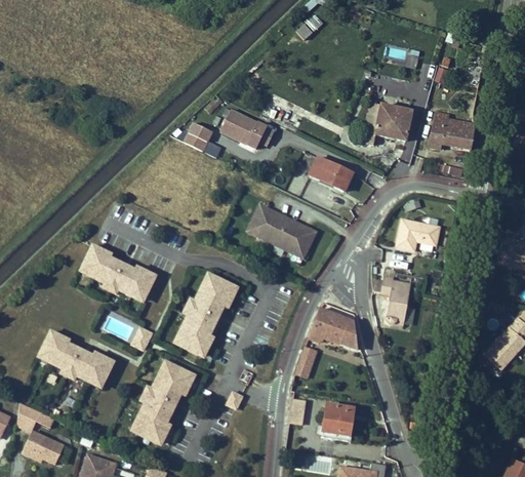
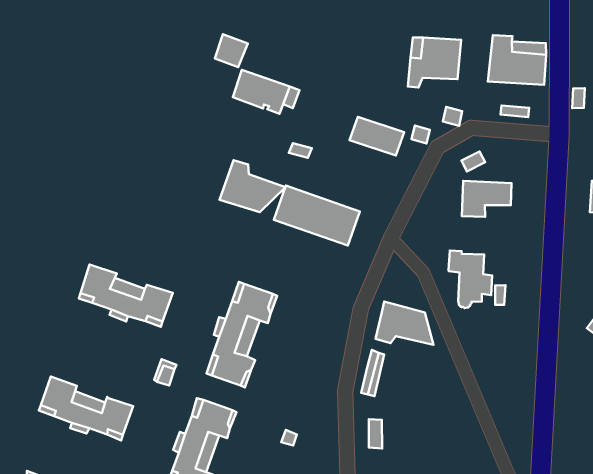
building: [189,121,216,149] -> [215,34,248,67]
building: none -> [220,160,285,212]
building: [326,404,358,439] -> none

